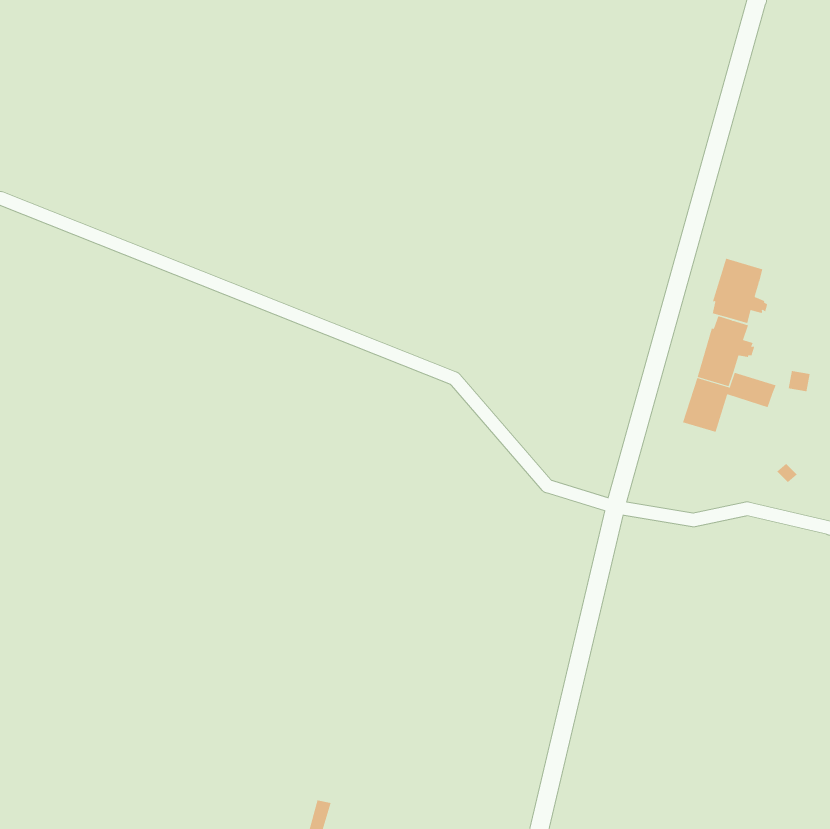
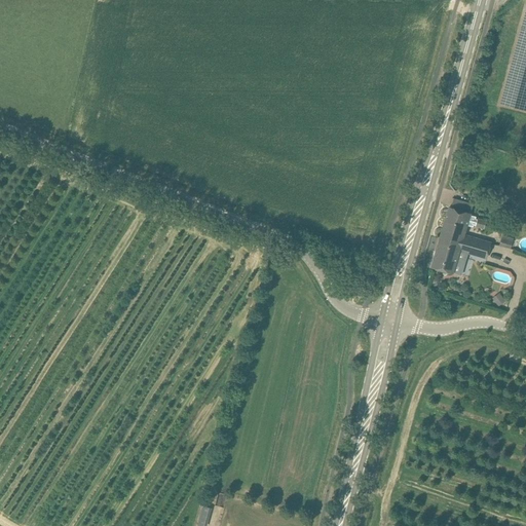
building: [712,258,768,324] -> none

